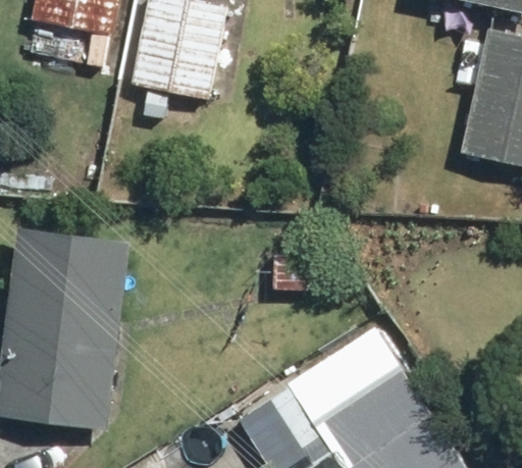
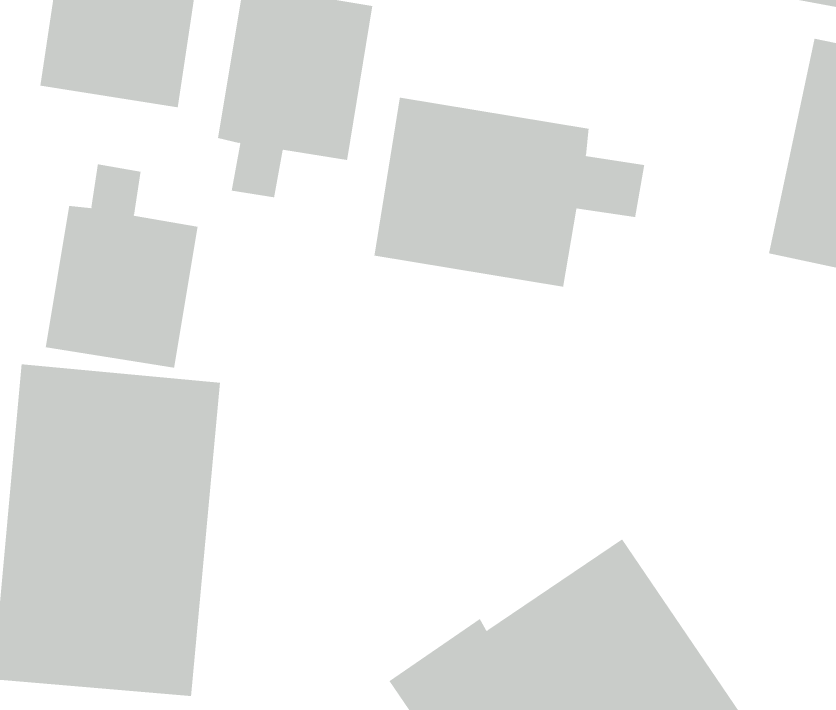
building: none -> [374,97,645,287]
building: none -> [45,163,198,369]

